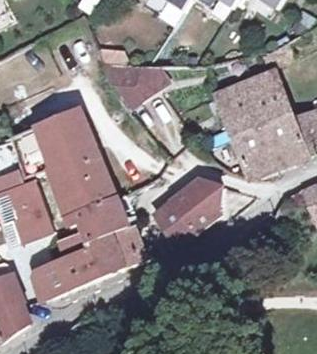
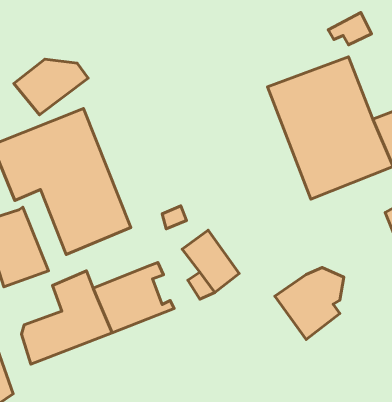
building: [111,63,166,104] -> [14,59,88,115]
building: [172,179,223,232] -> [275,268,344,339]
building: [67,198,127,243] -> none

